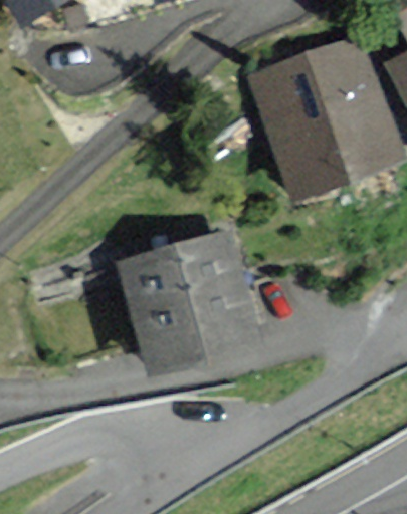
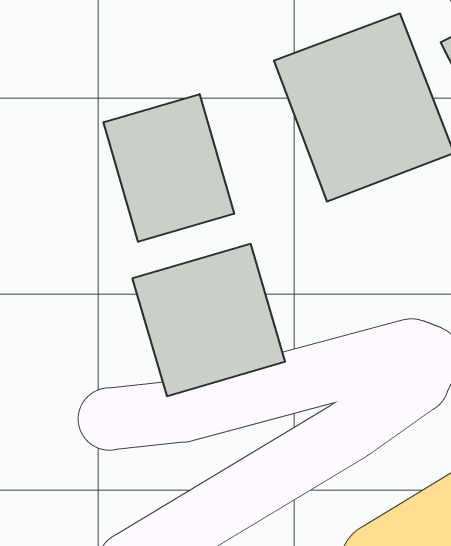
building: none -> [104,94,234,242]

